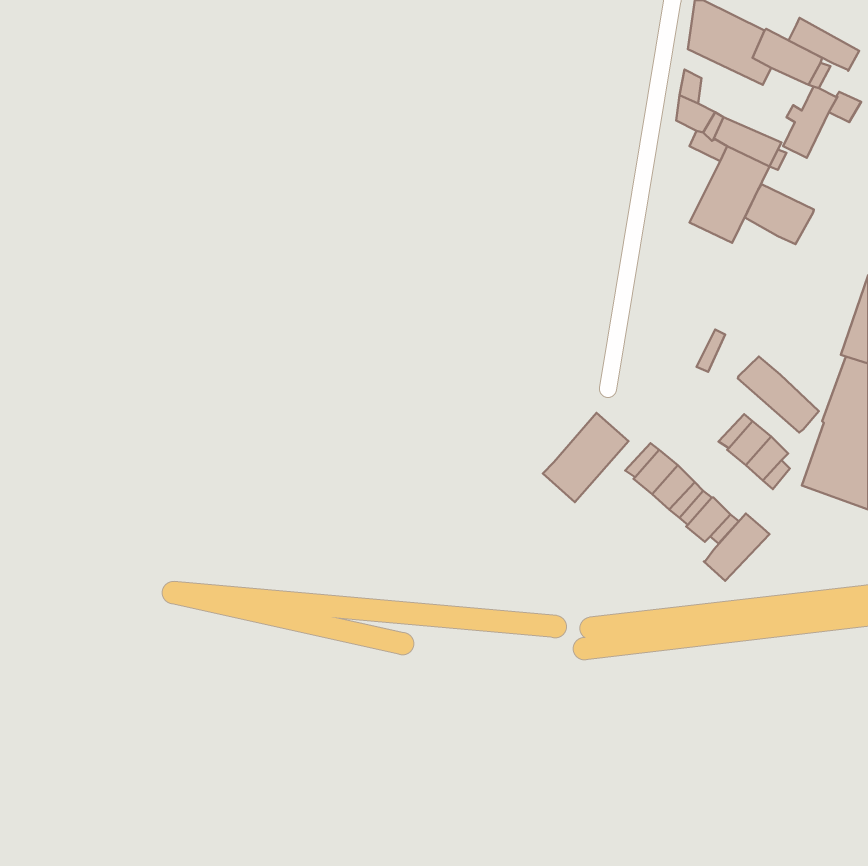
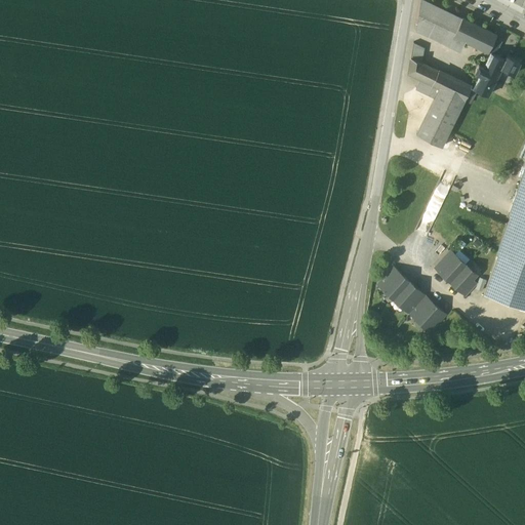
building: [788,18,859,71] -> none
building: [745,184,814,244] -> none
building: [738,357,819,433] -> none
building: [543,413,628,502] -> none
building: [704,514,770,581] -> none

